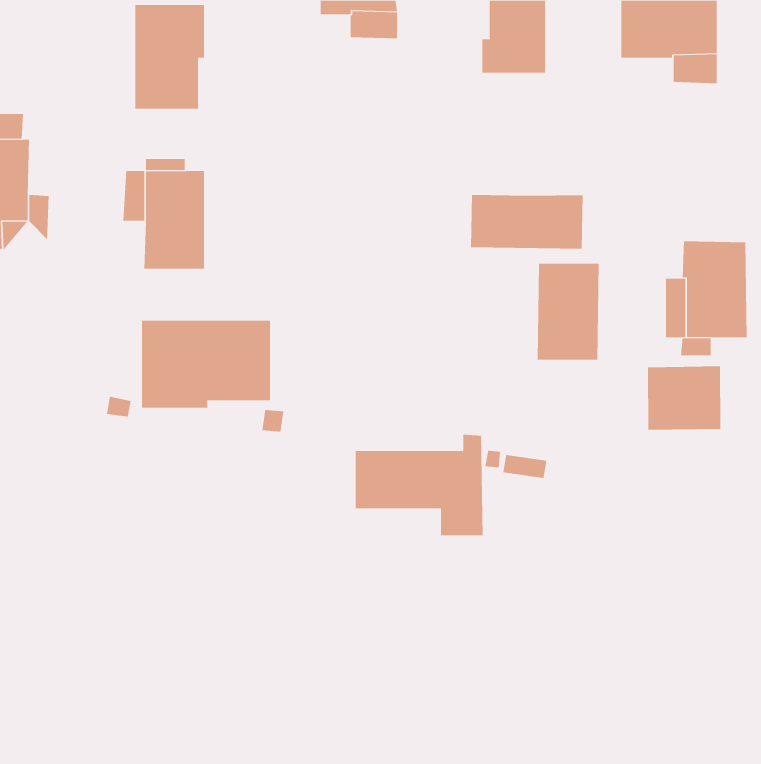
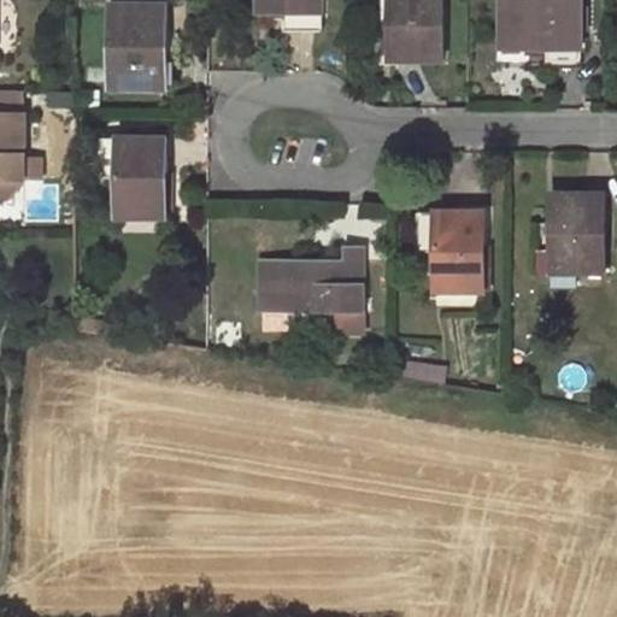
building: [471,194,583,250] -> none
building: [141,320,270,409] -> none
building: [647,366,721,431] -> none
building: [355,434,483,536] -> [258,248,362,330]

